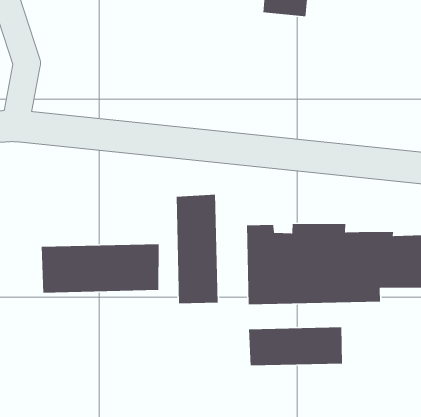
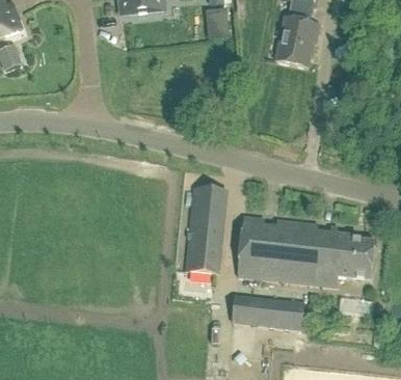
building: [41,243,159,293] -> none

